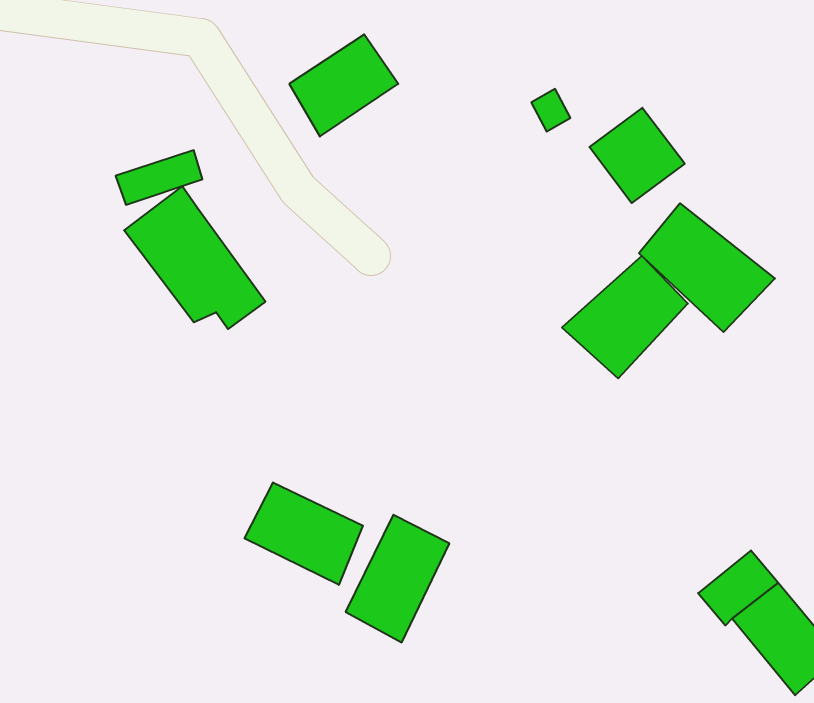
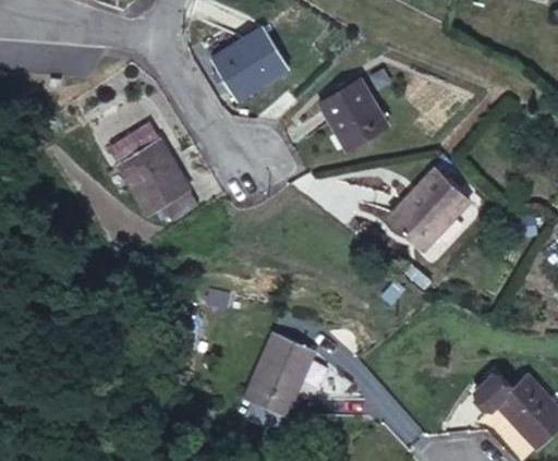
building: [589,108,685,203] -> [322,88,383,149]
building: [639,203,775,332] -> none
building: [245,482,363,585] -> none

